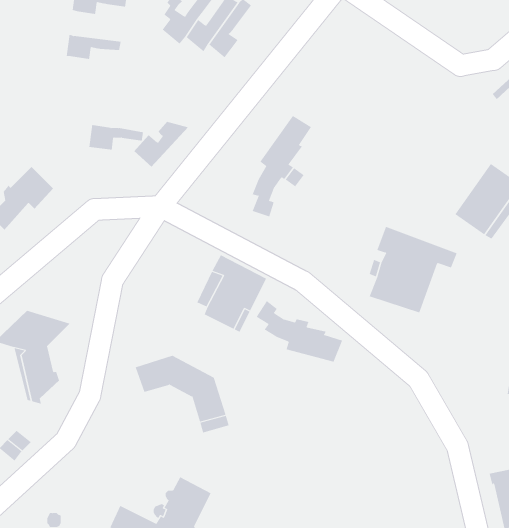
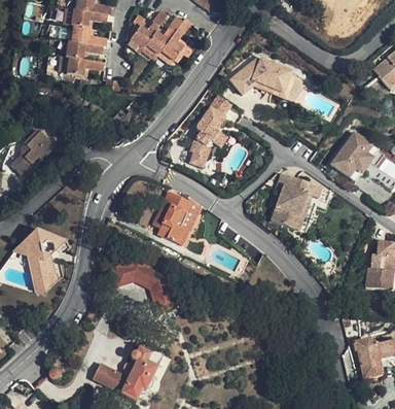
building: none -> [69,25,106,45]
building: none -> [231,58,313,103]
building: [88,125,144,150] -> [65,56,103,73]
building: [256,300,343,363] -> none

